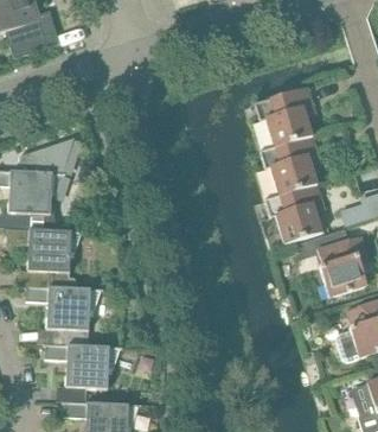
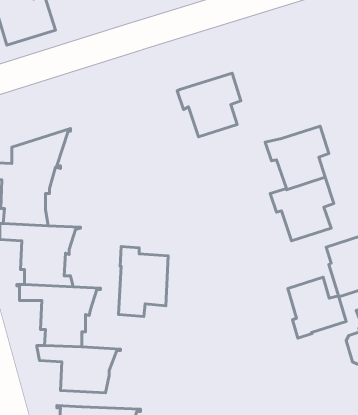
building: [255,85,315,146] -> [177,73,241,137]
building: none -> [119,246,168,316]
building: none -> [288,277,346,338]

